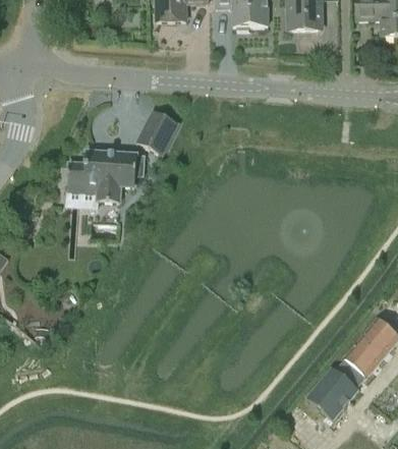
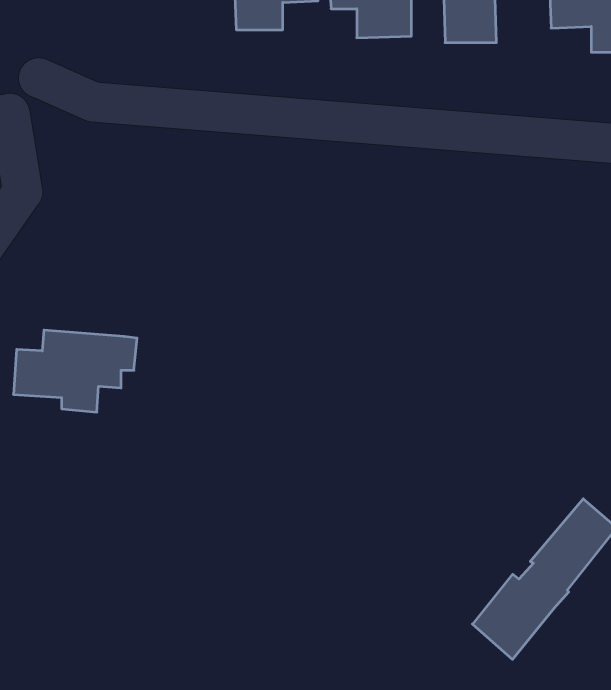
building: [137,109,180,154] -> none
building: [68,149,147,201] -> [13,330,137,412]

